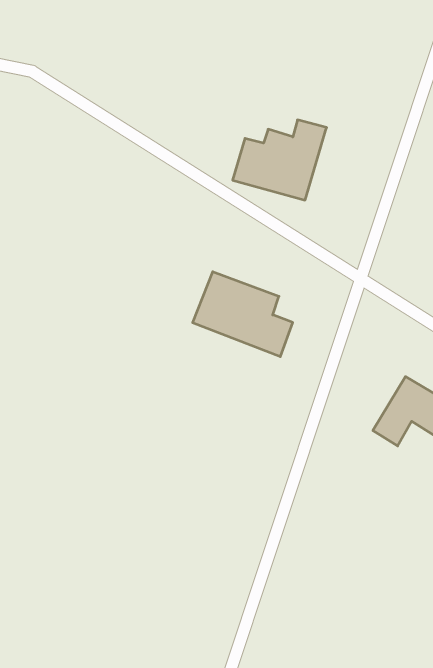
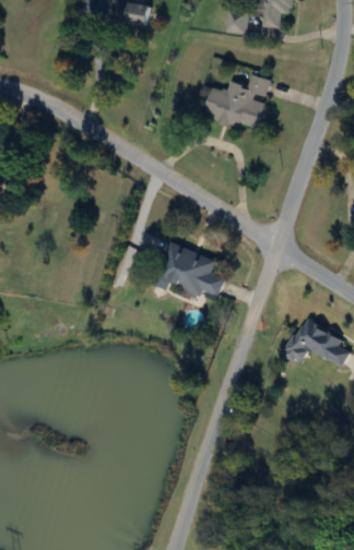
building: [233,120,327,200] -> [204,74,271,131]

